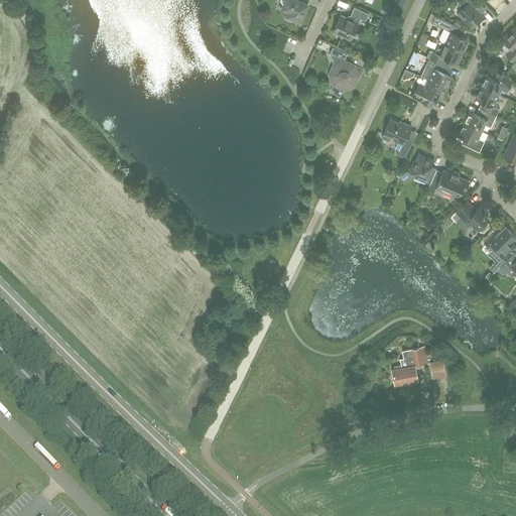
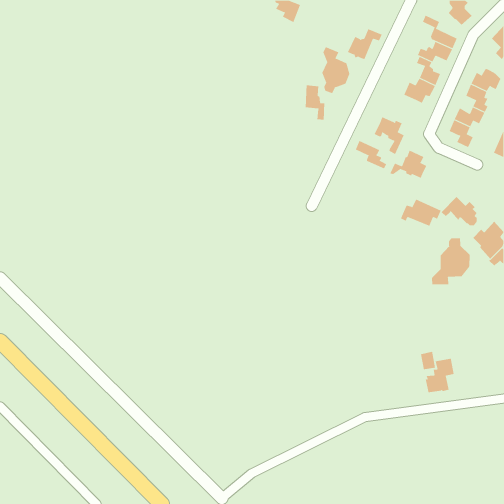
building: [333,7,369,39] -> [347,28,383,60]
building: none -> [305,84,325,120]
building: none -> [355,140,387,169]
building: [427,169,470,198] -> [400,199,442,226]
building: none -> [432,237,470,285]
building: [392,348,422,383] -> [425,358,455,393]

